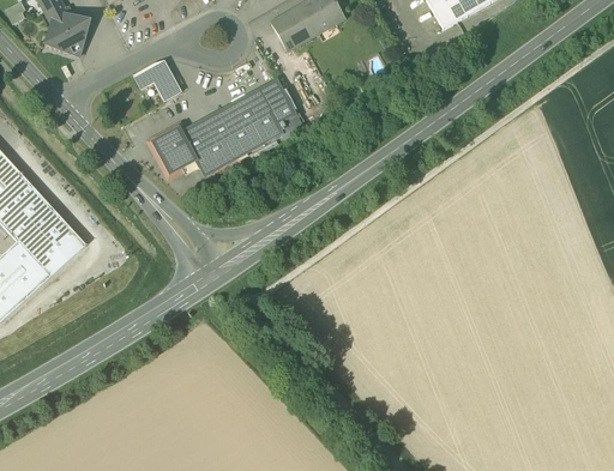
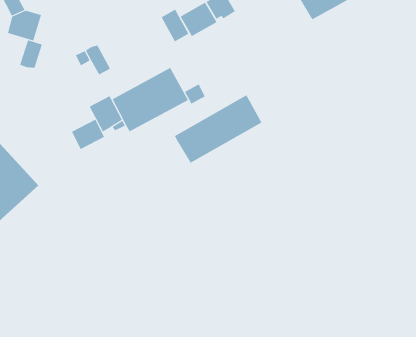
building: none -> [20,40,42,69]
building: [258,78,295,121] -> [161,9,189,42]
building: none -> [174,95,262,163]
building: none -> [71,119,105,150]

